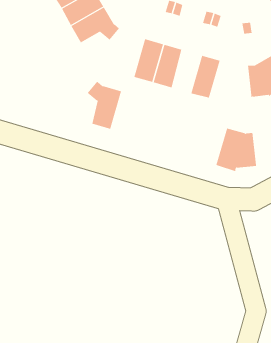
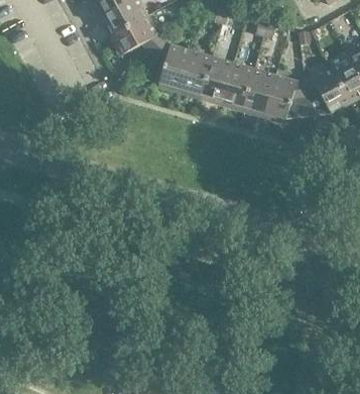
building: none -> [223,62,255,110]
building: [87,81,122,129] -> [154,38,193,92]
building: [216,128,257,172] -> [264,74,310,122]

